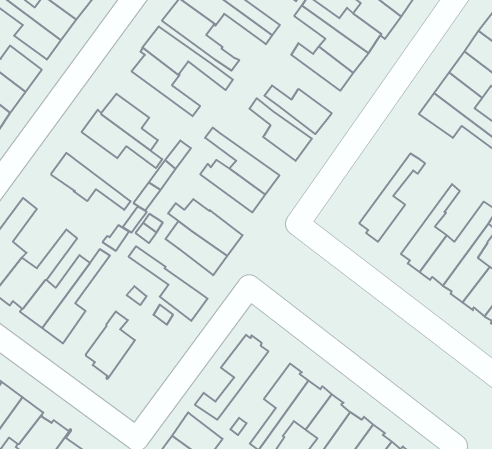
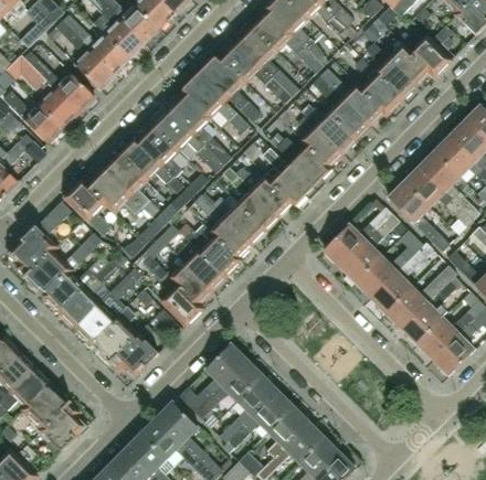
building: none -> [296,116,340,170]
building: none -> [152,109,223,172]
building: none -> [388,182,448,252]
building: none -> [234,168,294,215]
building: none -> [103,153,158,217]
building: none -> [323,206,391,266]
building: none -> [187,194,251,257]
building: none -> [64,179,110,235]
building: none -> [352,245,415,297]
building: none -> [170,264,210,303]
building: none -> [75,268,144,343]
building: none -> [108,326,158,377]
building: none -> [194,361,263,419]

